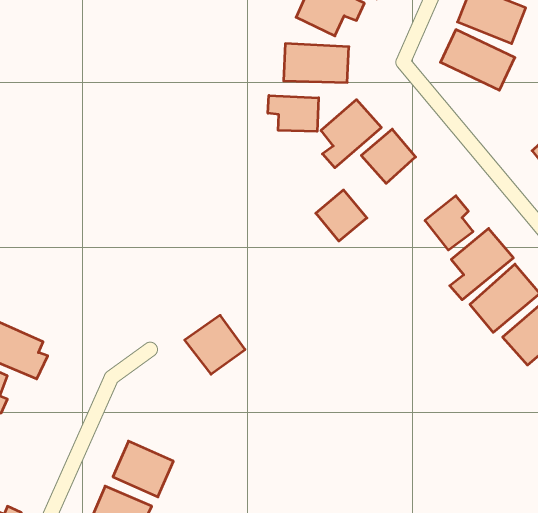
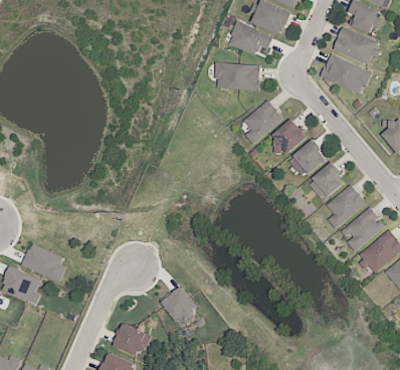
building: [268,95,319,131] -> none
building: [316,190,367,241] -> [292,143,326,176]
building: [185,315,245,374] -> [156,283,195,321]

